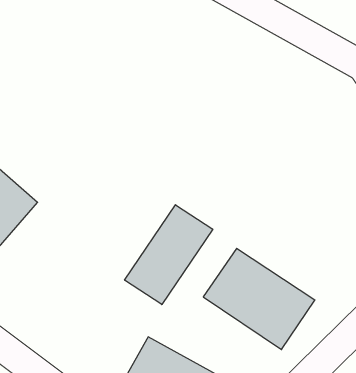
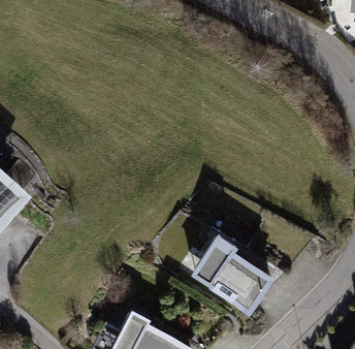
building: [125,205,213,305] -> none

